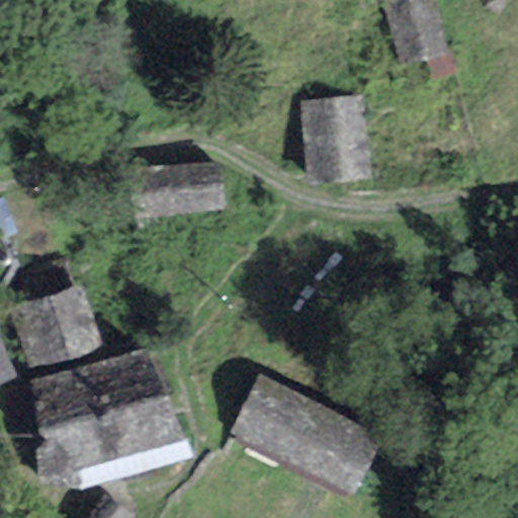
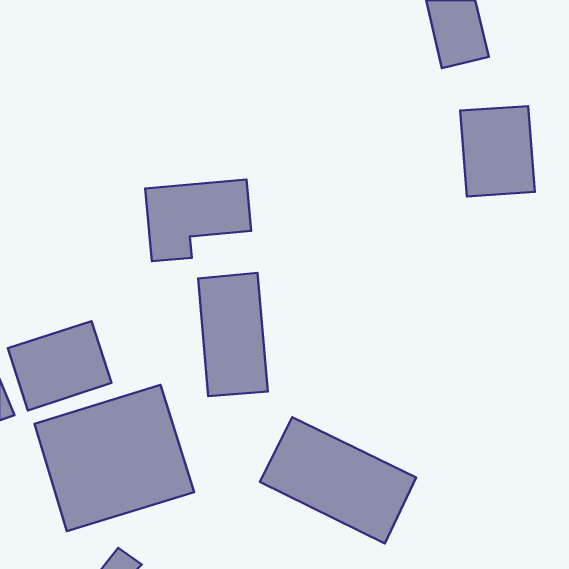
building: [304,101,371,183] -> [460,106,535,196]
building: none -> [198,273,268,396]

